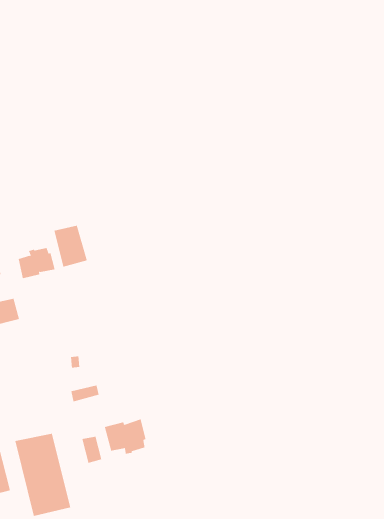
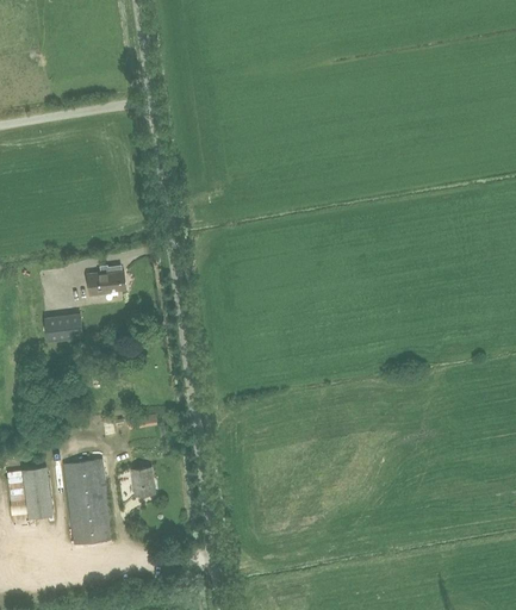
building: [54,225,87,268] -> none
building: [104,419,146,455] -> none

